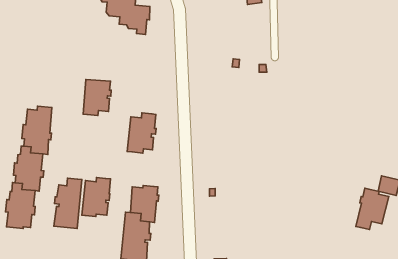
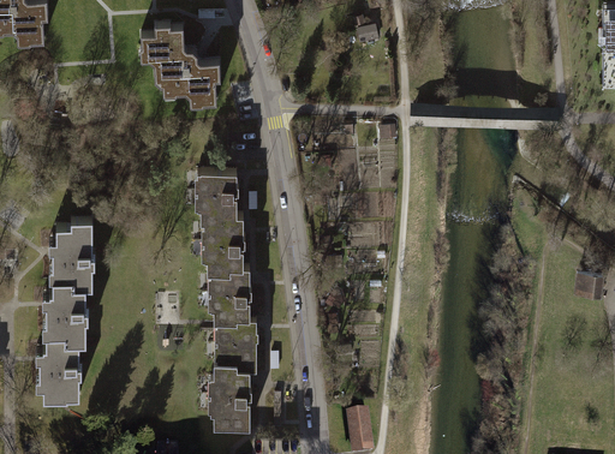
building: [83,79,111,116] -> [198,172,237,223]
building: [82,178,111,217] -> [213,268,250,324]
building: [54,178,82,228] -> none
building: [356,188,389,230] -> none

